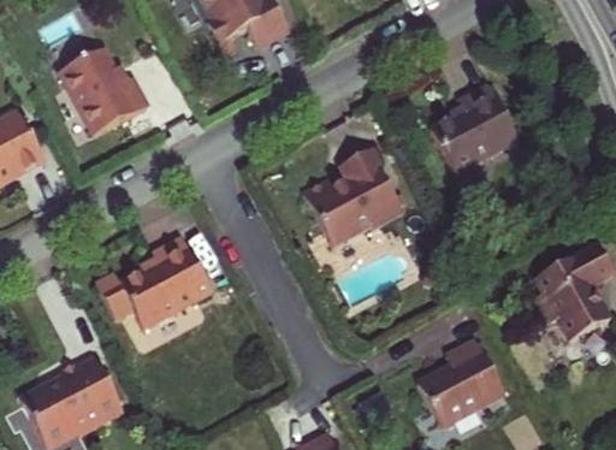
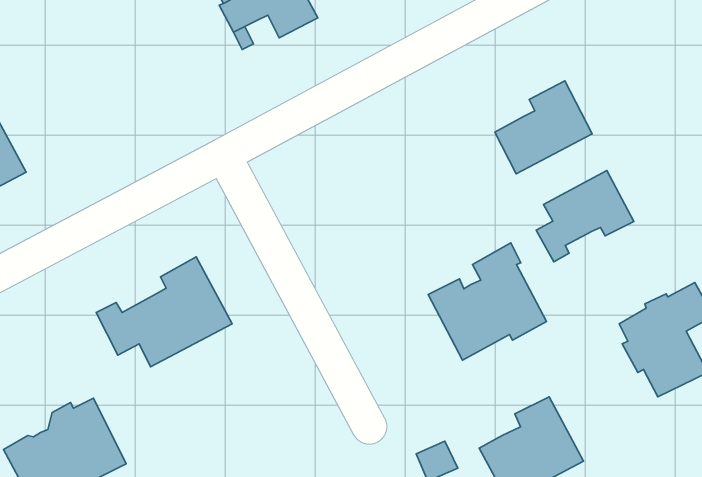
building: [54,47,142,135] -> none
building: [303,146,403,244] -> [428,243,547,360]
building: none -> [536,170,634,262]

